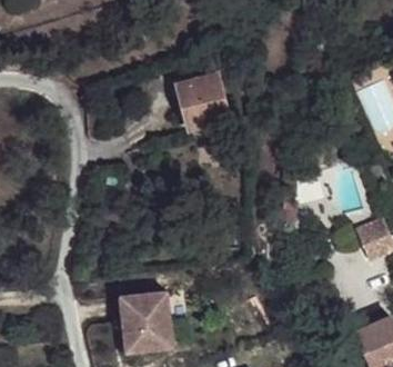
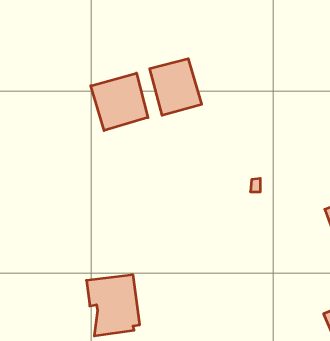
building: none -> [91,73,148,131]

